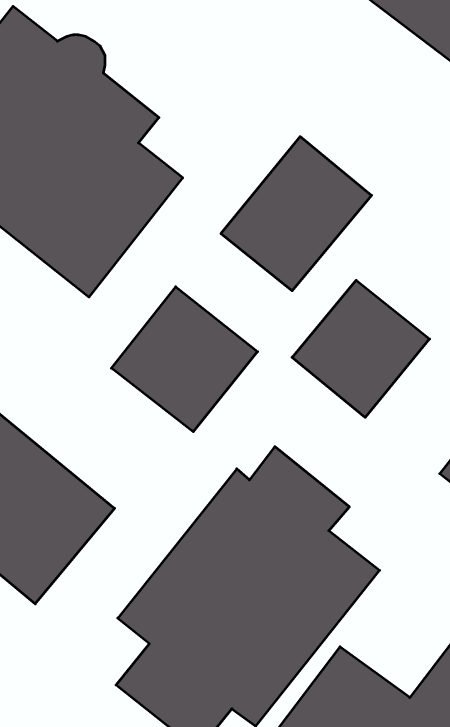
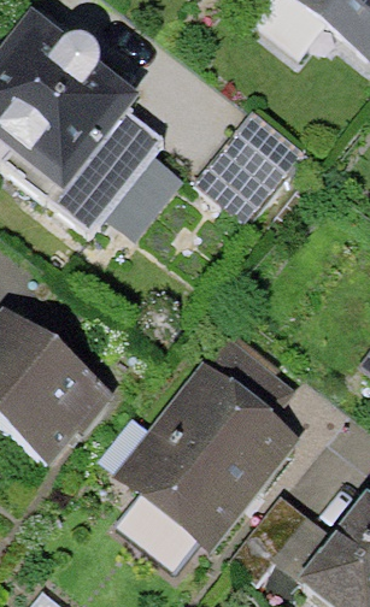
building: [292,280,430,417] -> none
building: [111,287,258,432] -> none

